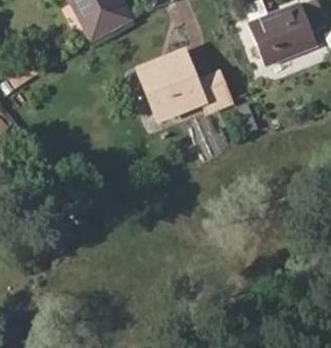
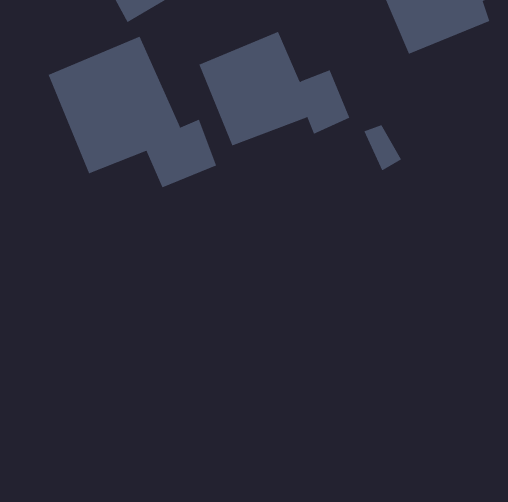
building: none -> [48,36,217,188]

